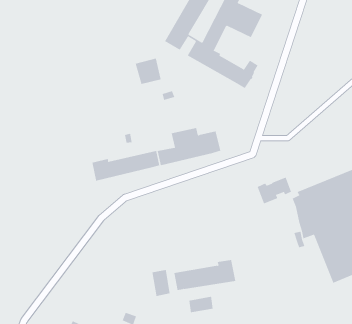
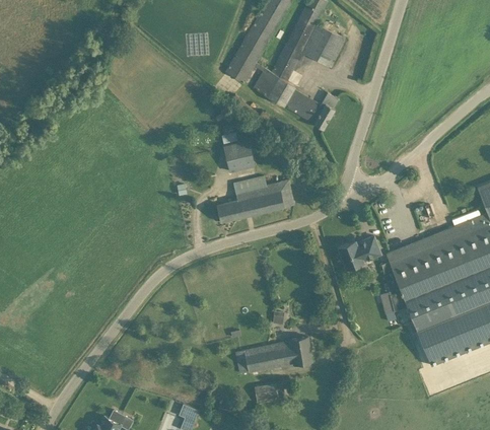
building: [135,58,162,85] -> [222,140,255,172]
building: [92,150,160,182] -> none
building: [152,269,170,297] -> none

